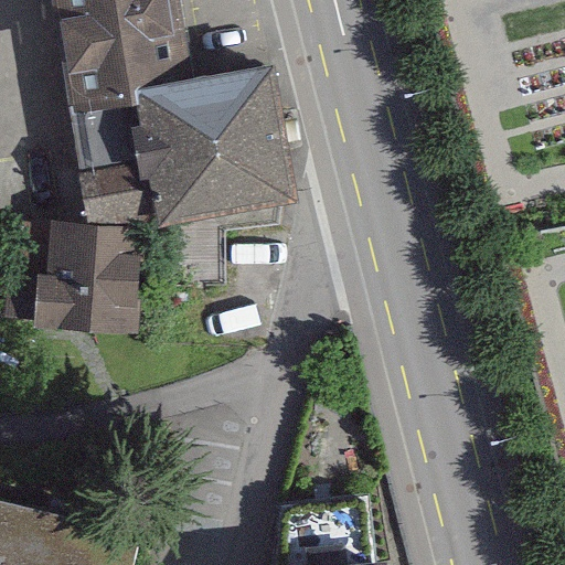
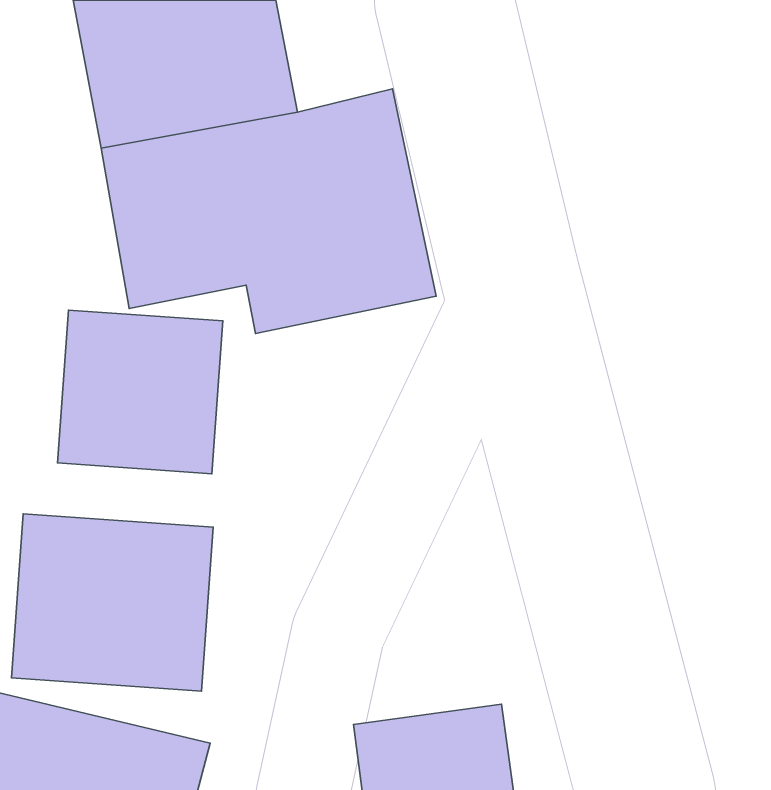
building: none -> [12,514,213,691]

